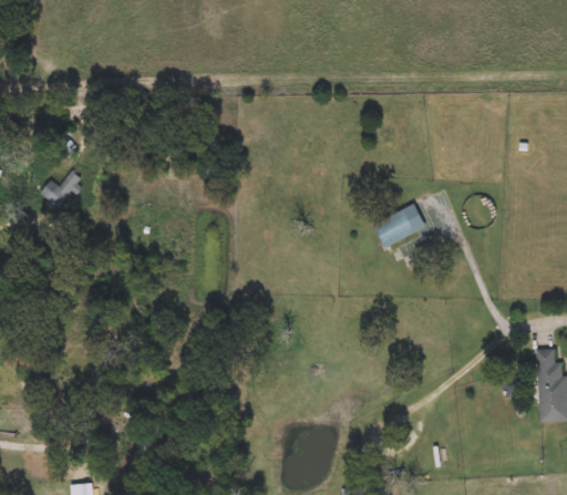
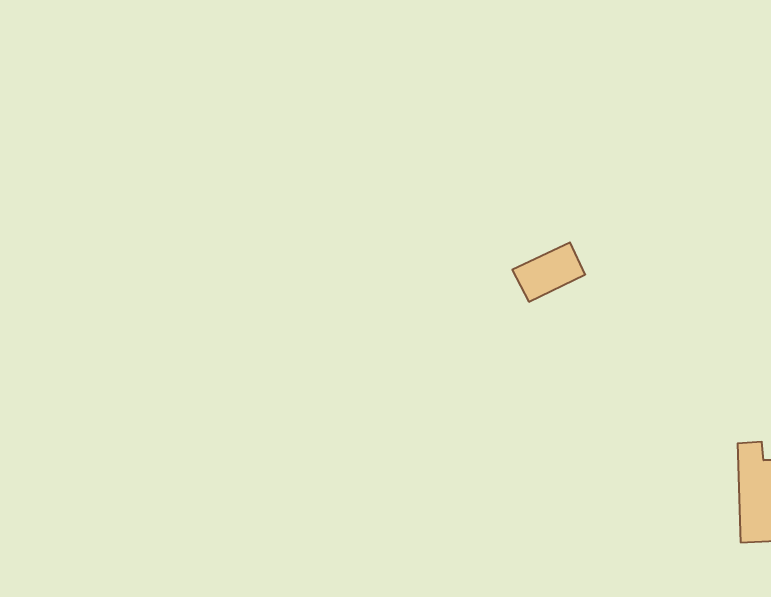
building: [38,171,83,212] -> none

